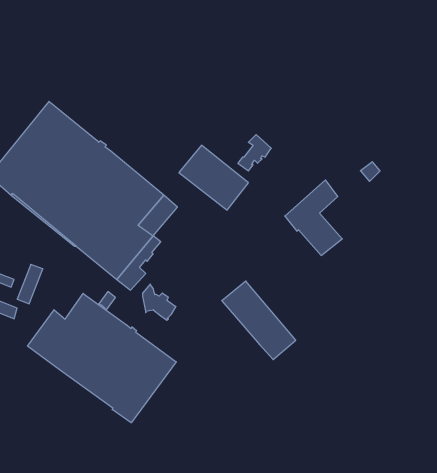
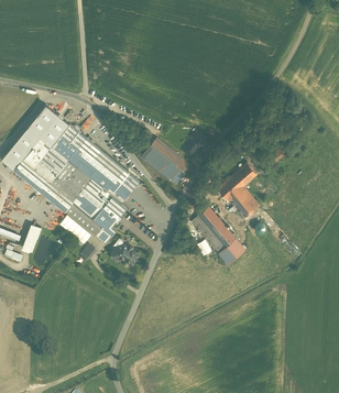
building: [222,281,296,360] -> [189,205,243,262]
building: [28,293,176,423] -> none

